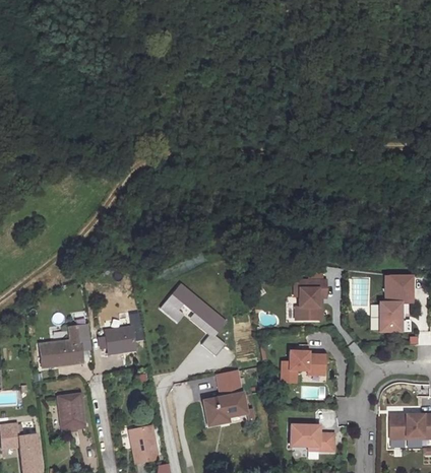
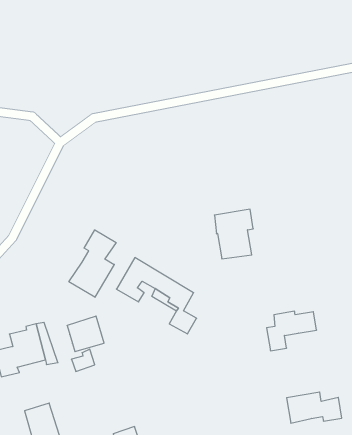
building: none -> [69,230,116,297]
building: [293,280,325,320] -> [214,209,253,259]
building: [204,374,247,428] -> none

